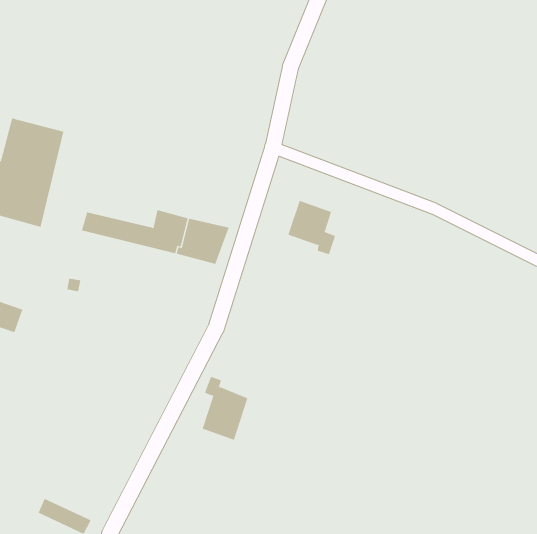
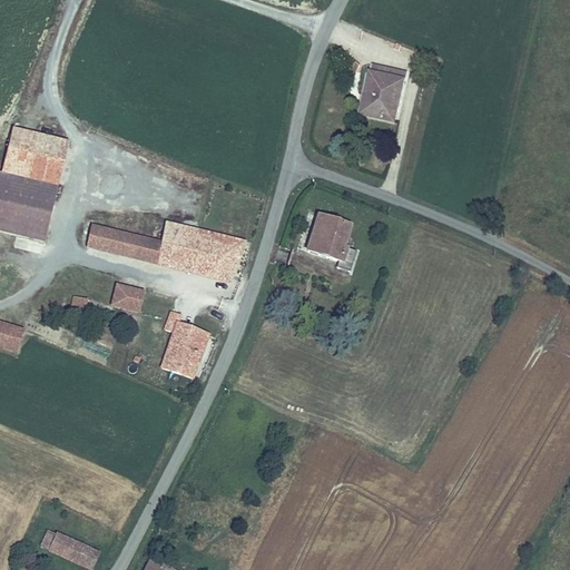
building: none -> [357,61,407,121]
building: none -> [109,283,141,309]
building: [202,376,248,440] -> [159,308,208,376]

